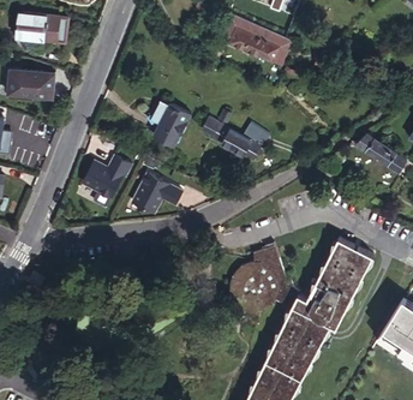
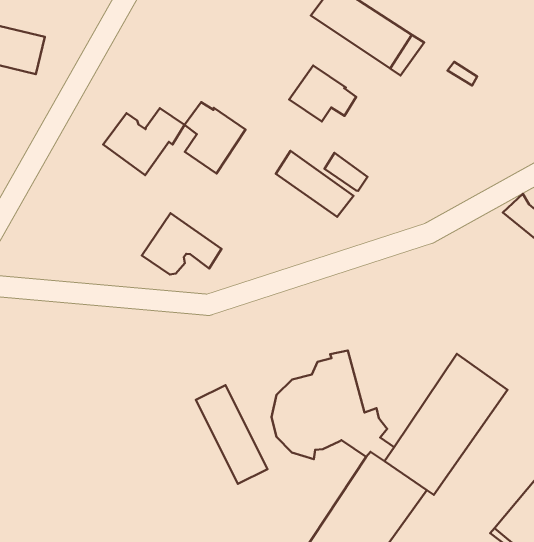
building: none -> [289,66,356,121]
building: [82,156,131,199] -> [103,108,185,175]
building: none -> [196,385,268,484]

